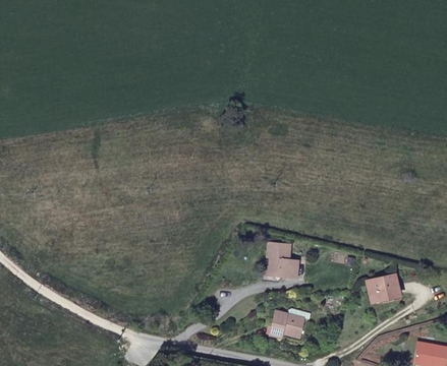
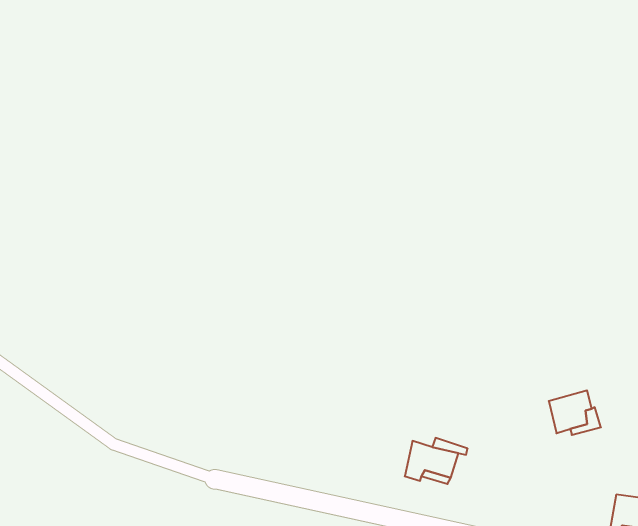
building: [269,241,302,280] -> none

